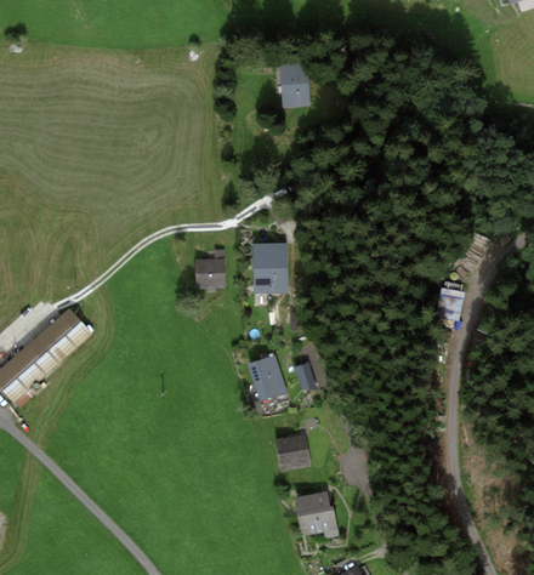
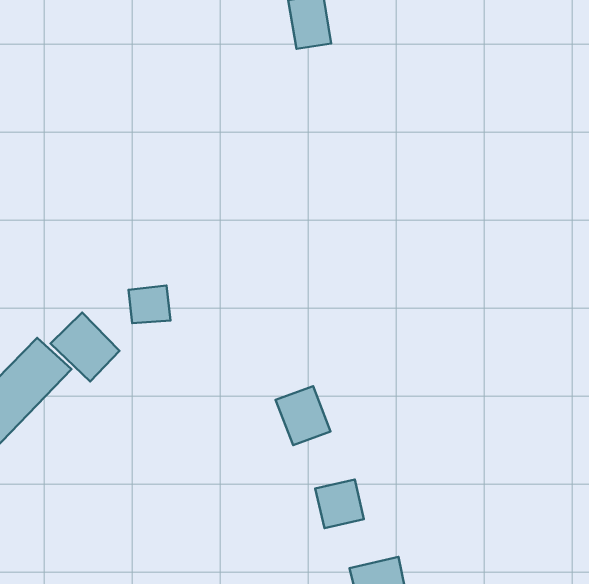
building: [251,244,285,290] -> none
building: [198,257,228,284] -> [128,285,171,323]
building: none -> [51,313,120,381]

